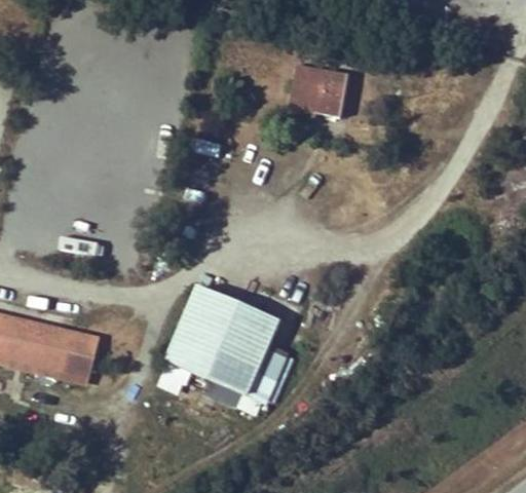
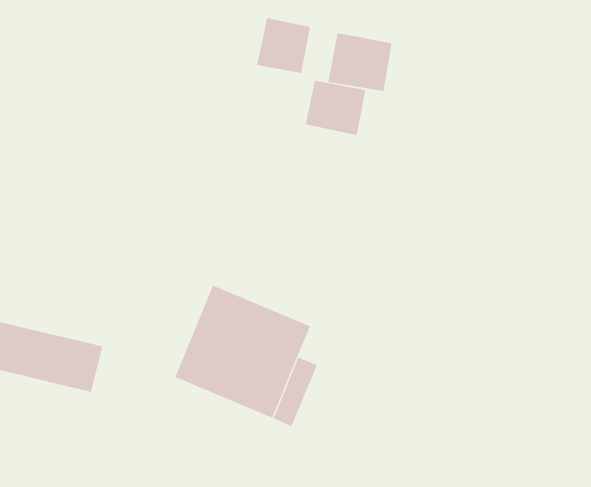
building: none -> [257,17,311,74]
building: none -> [305,80,366,136]

